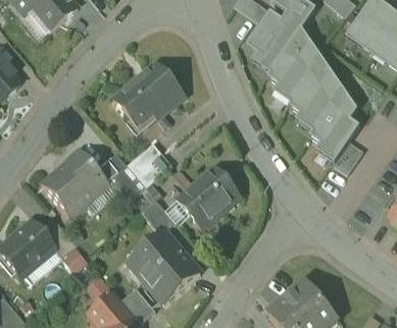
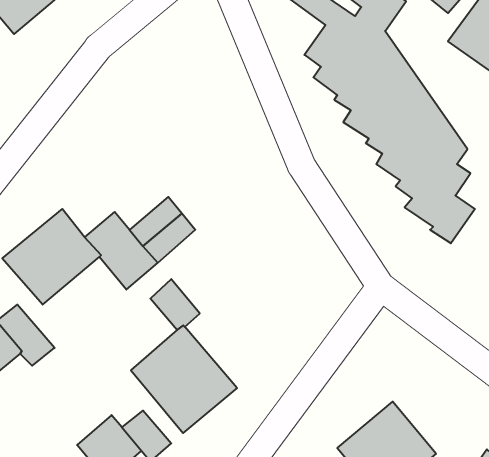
building: [114,60,186,125] -> none
building: [178,165,241,226] -> none

